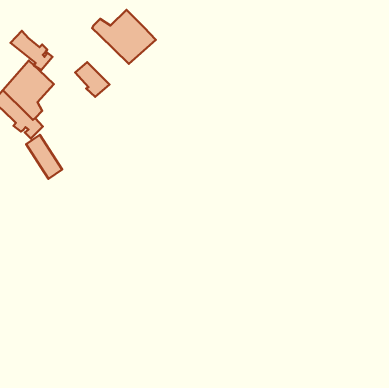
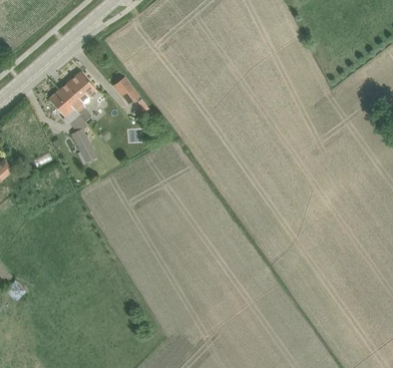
building: [92,10,156,64] -> none
building: [11,31,53,70] -> none

